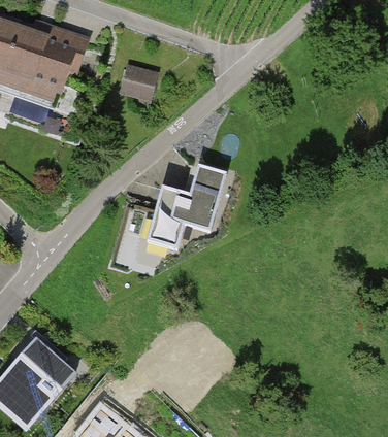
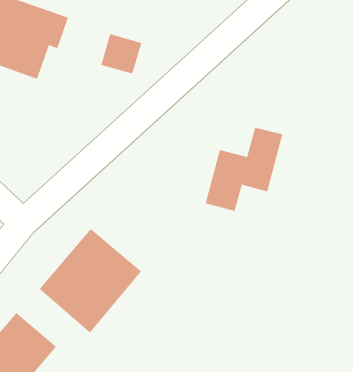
building: [147,165,226,250] -> [205,127,283,212]
building: none -> [39,228,142,333]

